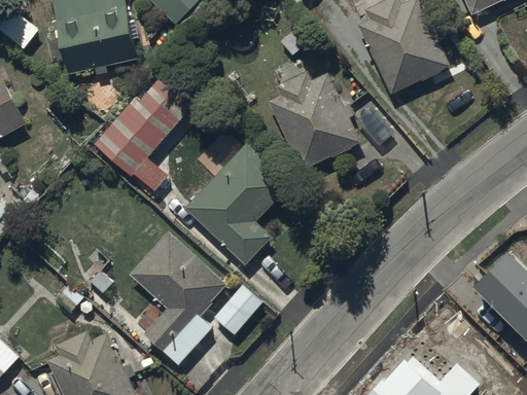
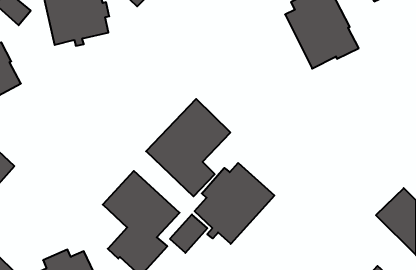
building: [268,70,360,168] -> none
building: [95,71,194,190] -> none
building: none -> [195,163,274,244]

